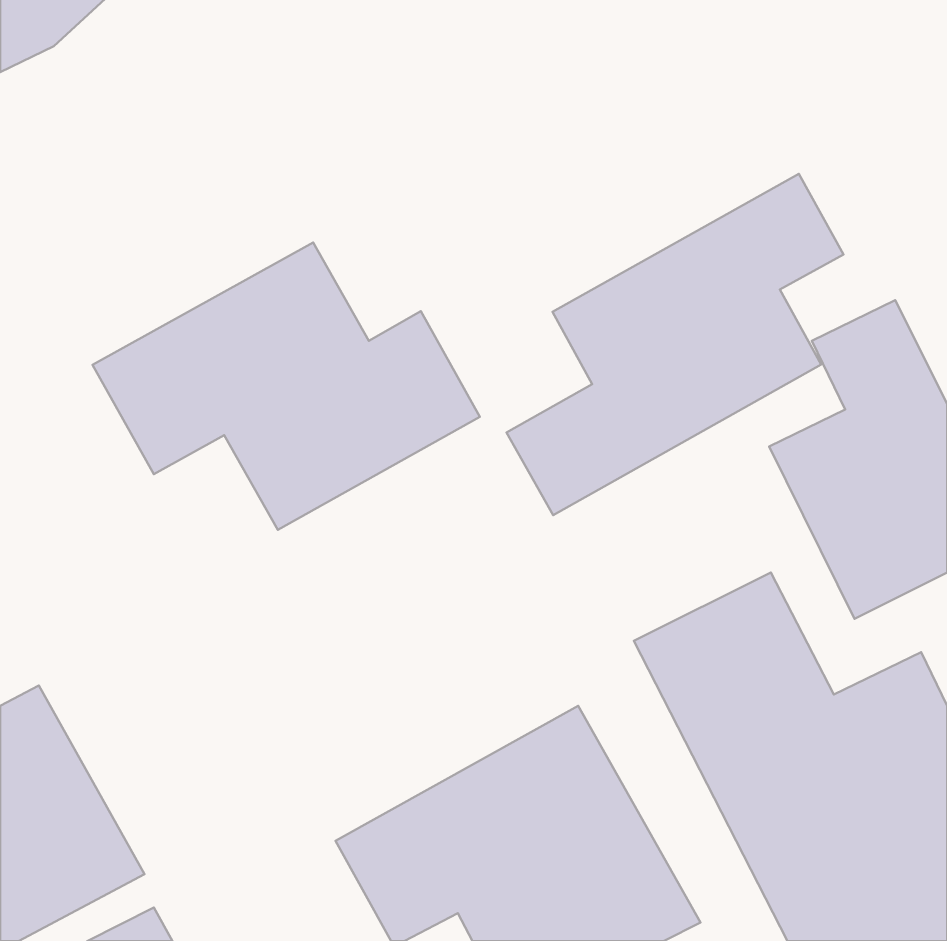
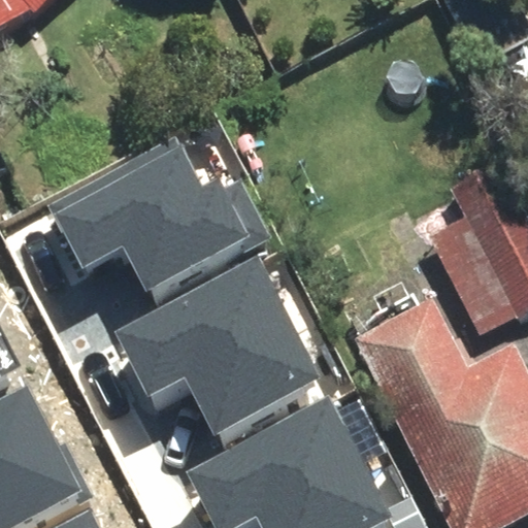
building: [507,174,843,515] -> none
building: none -> [120,256,323,433]

